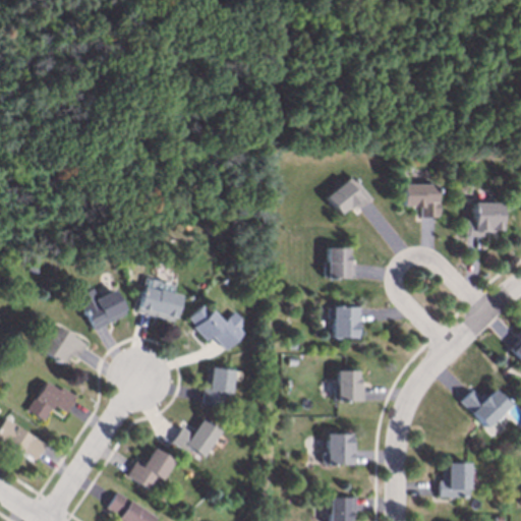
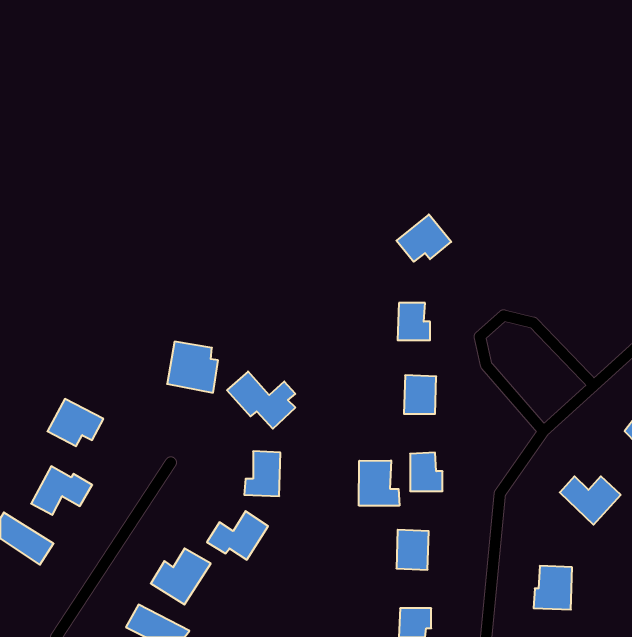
building: [405,183,441,217] -> none
building: [467,201,504,236] -> none
building: [79,288,129,330] -> none
building: none -> [359,460,399,506]

